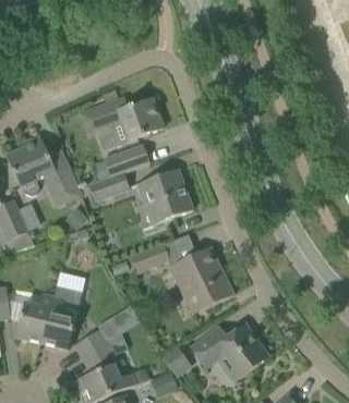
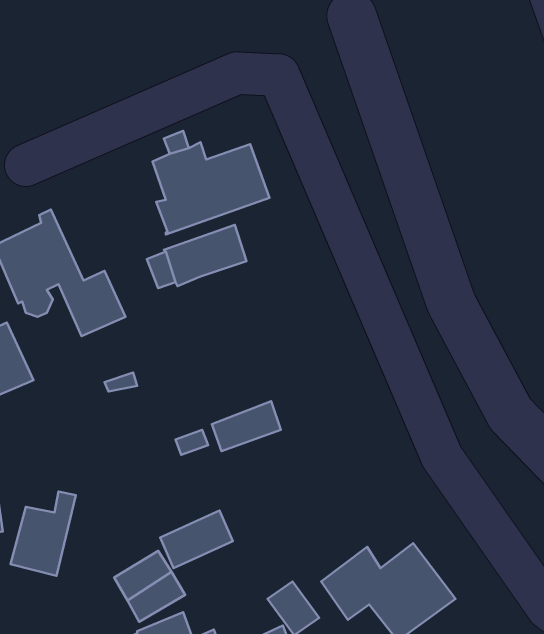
building: [136,168,192,224] -> none
building: [88,172,130,202] -> none
building: [170,246,233,313] -> none
building: [41,285,82,349] -> none

